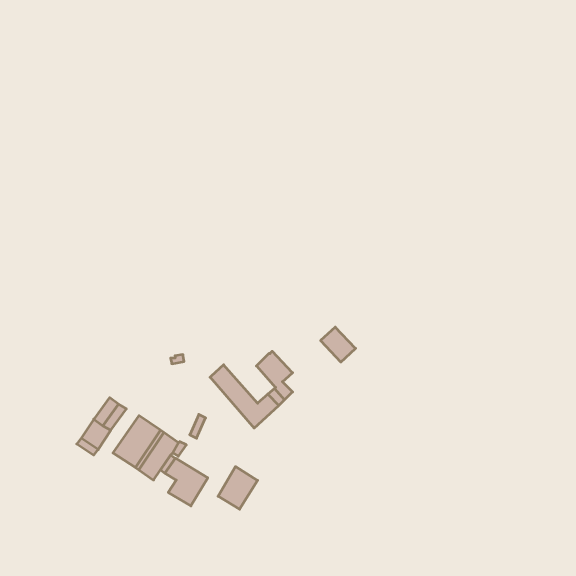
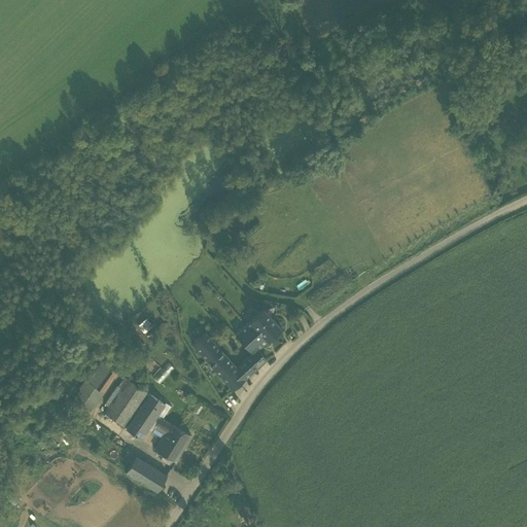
building: [321,327,356,362] -> [248,309,280,341]
building: [218,467,258,509] -> none
building: none -> [125,457,166,492]

